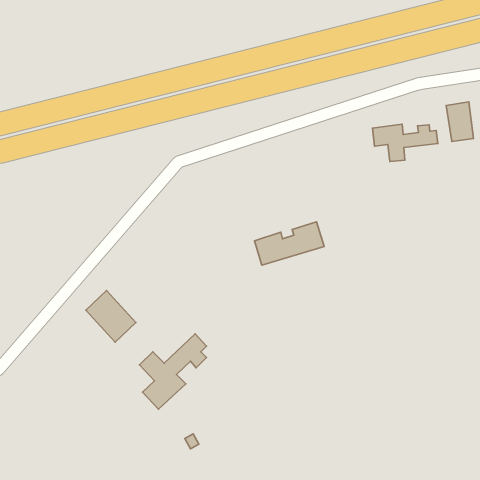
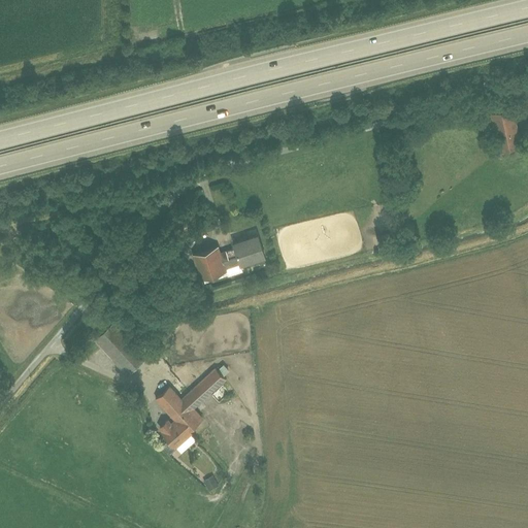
building: [372,124,438,162] -> none
building: [254,222,324,265] -> [189,235,265,283]

